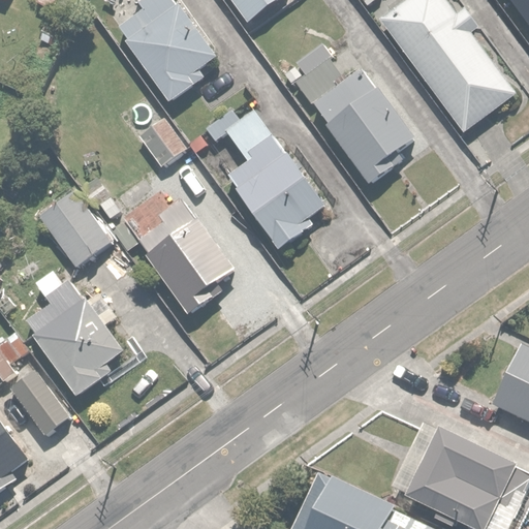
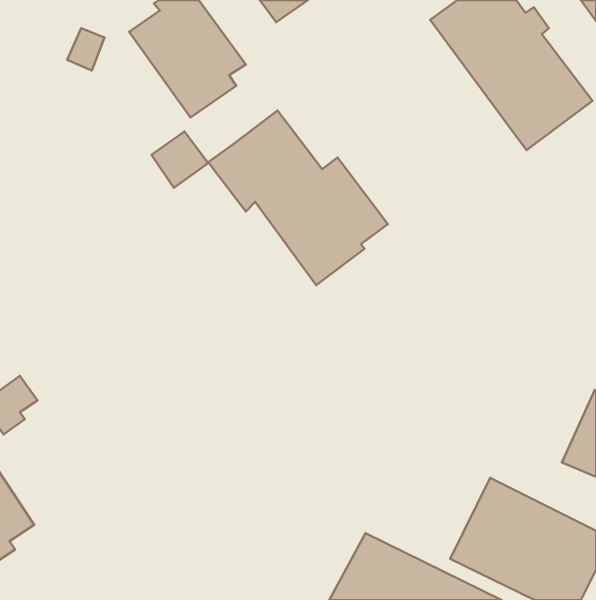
building: [284,30,426,185] -> none
building: [38,192,110,267] -> none
building: [122,192,241,313] -> none
building: [23,268,123,394] -> none
building: [9,369,70,435] -> none

